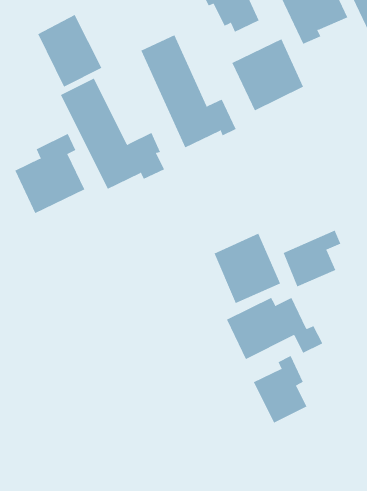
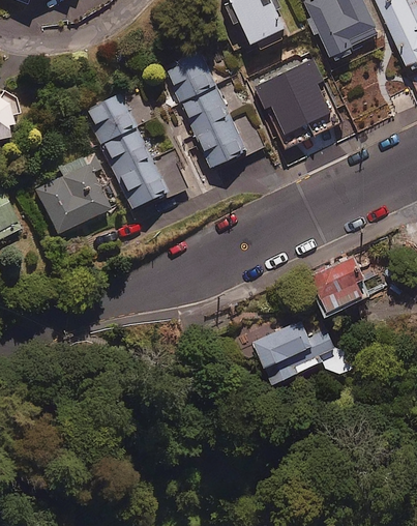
building: [37,14,102,87] -> none
building: [214,233,281,304] -> none
building: [253,355,307,424] -> none

